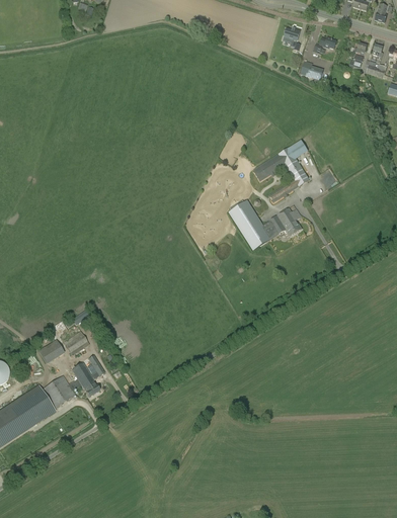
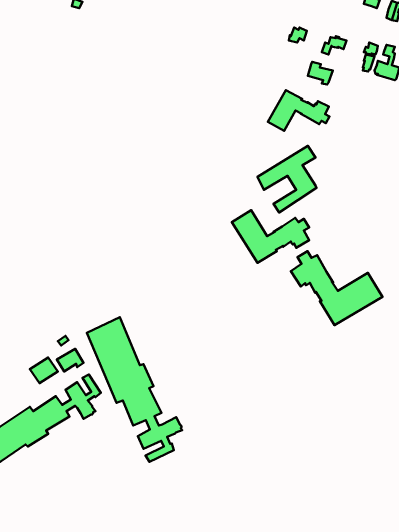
building: none -> [268,90,330,131]
building: none -> [291,251,382,325]
building: none -> [87,317,182,462]

